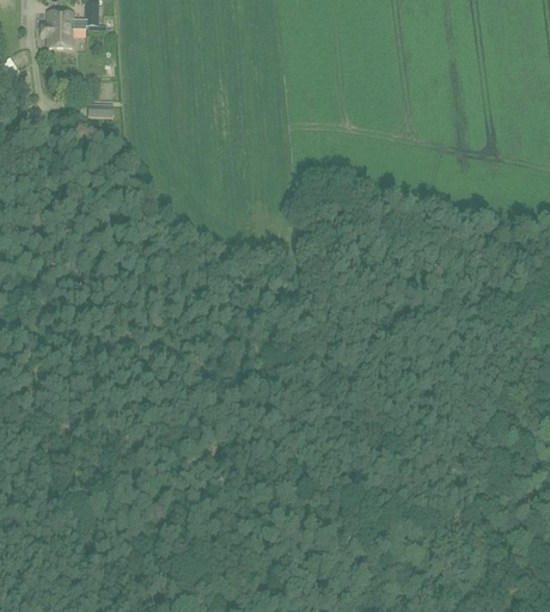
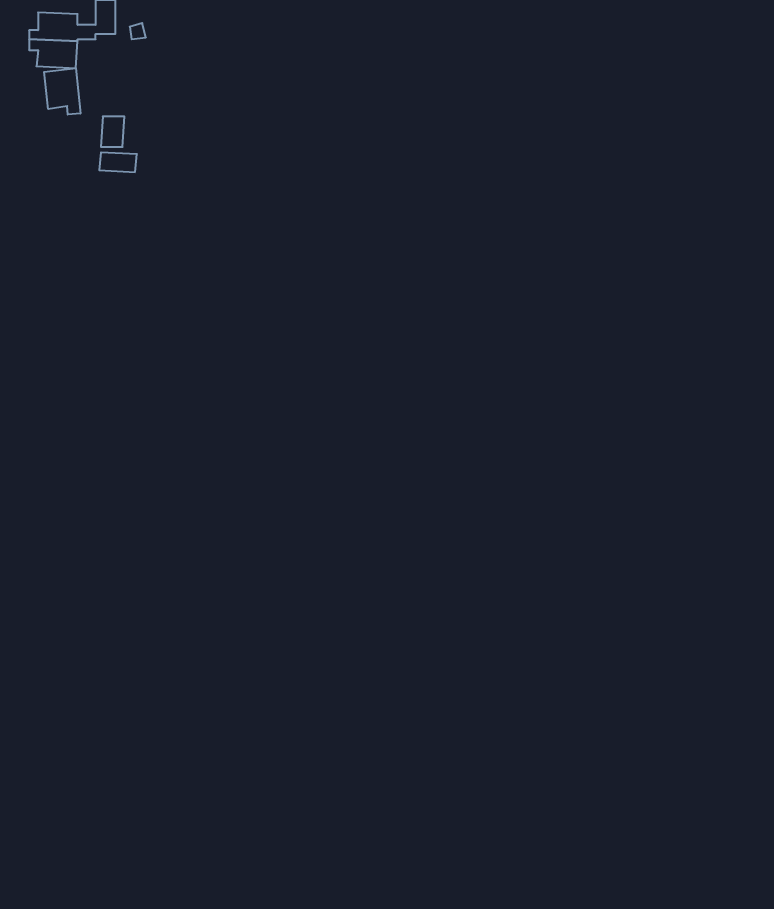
building: none -> [44,68,80,115]

